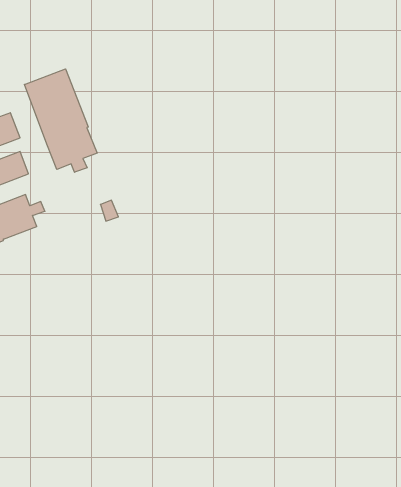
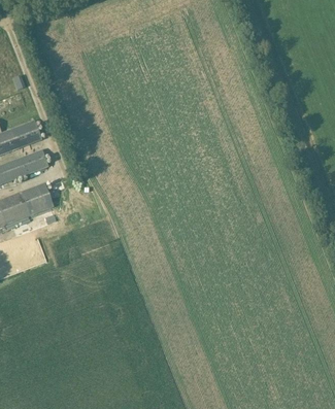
building: [24,69,97,172] -> none

